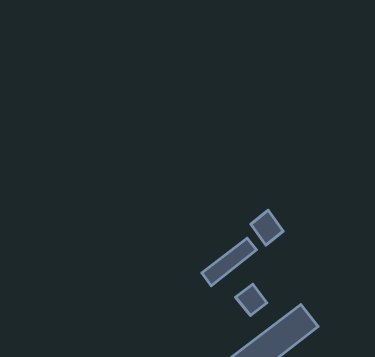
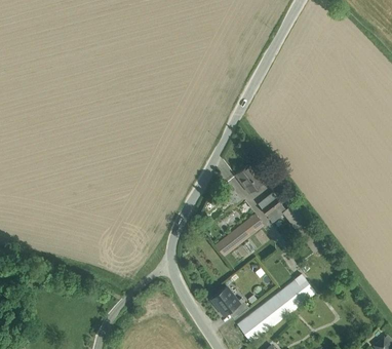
building: none -> [233,164,261,192]
building: [235,284,267,316] -> [208,287,236,315]

